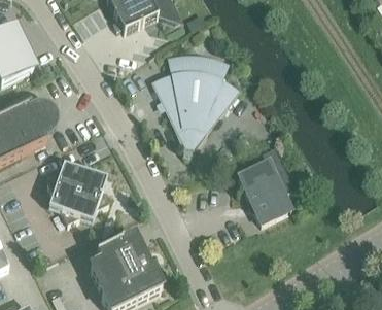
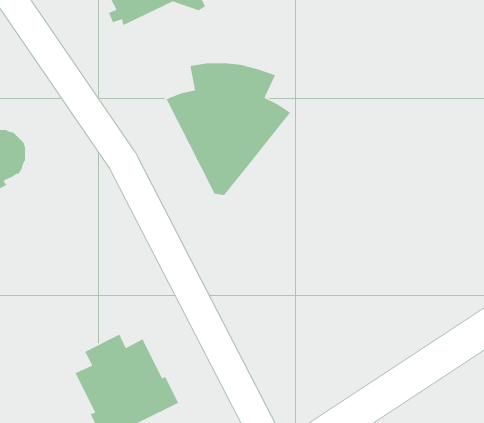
building: [238,145,294,222] -> none
building: [46,161,109,222] -> none

